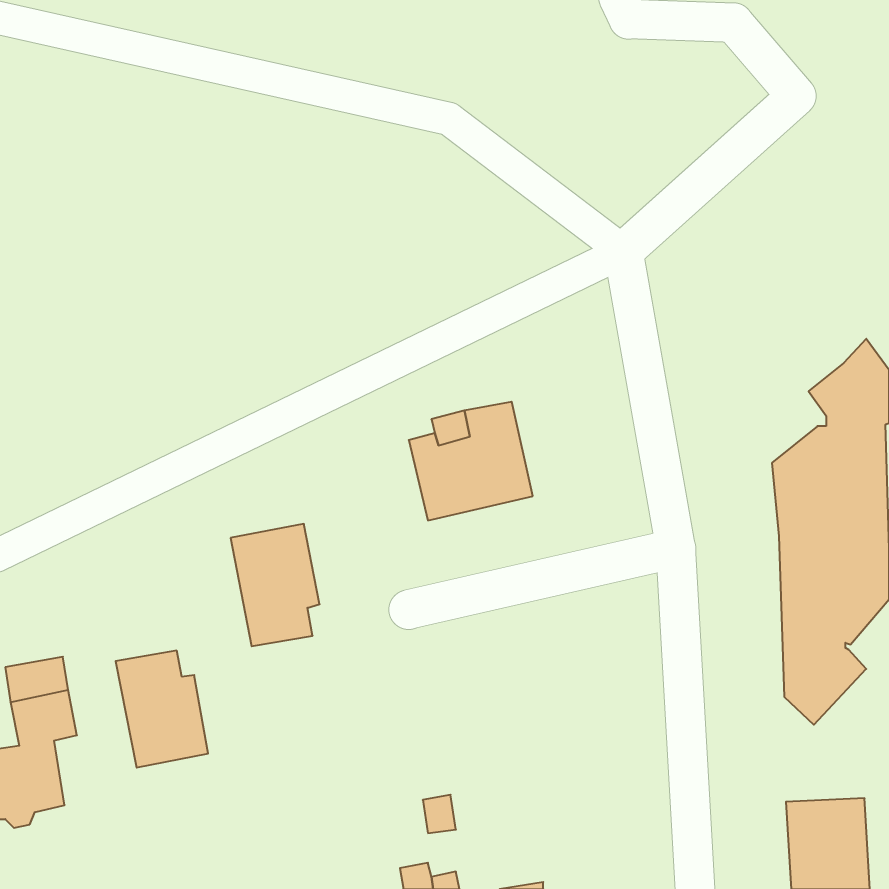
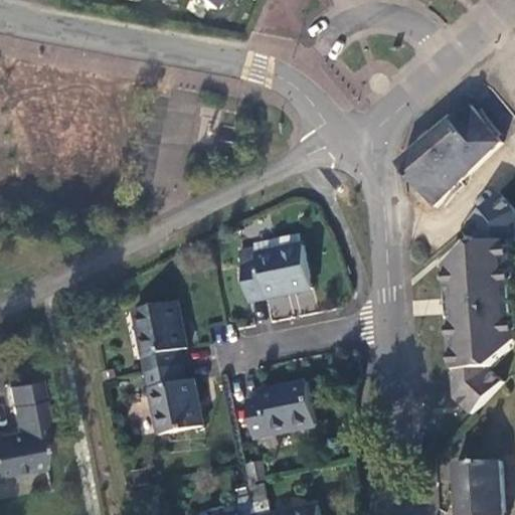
building: none -> [400,105,508,206]
building: [116,651,208,768] -> [145,366,198,434]
building: none -> [244,380,313,438]

